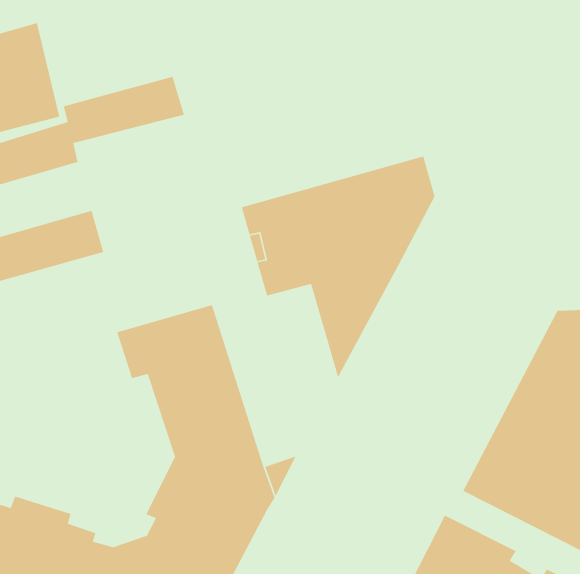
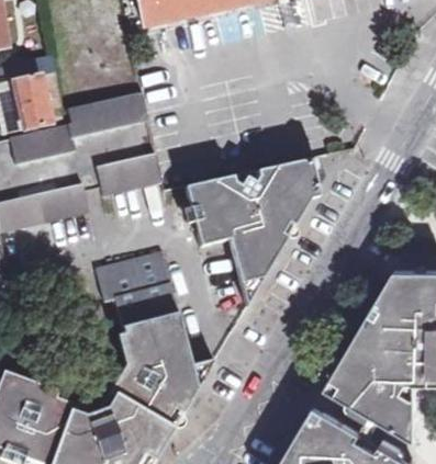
building: none -> [93,154,161,196]

